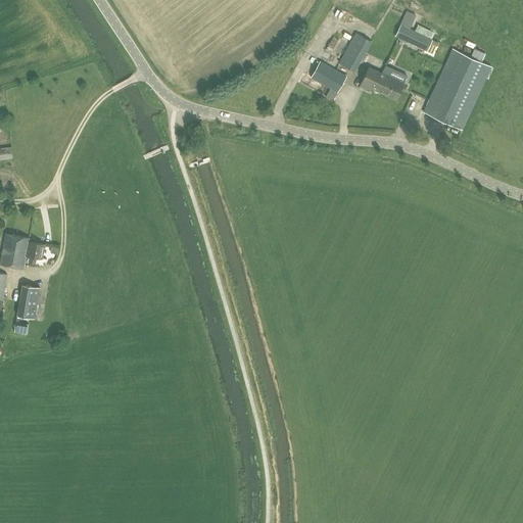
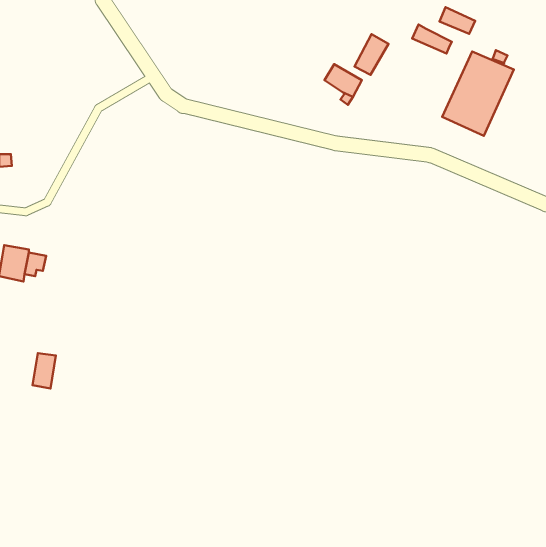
building: none -> [440,7,475,34]
building: [360,65,405,98] -> none
building: [16,285,39,319] -> [32,353,56,389]

